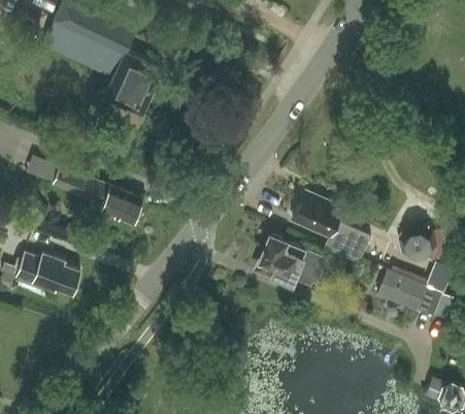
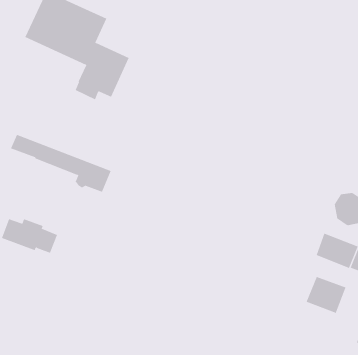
building: [292,193,371,261] -> none
building: [254,236,321,286] -> none
building: none -> [306,276,347,314]

